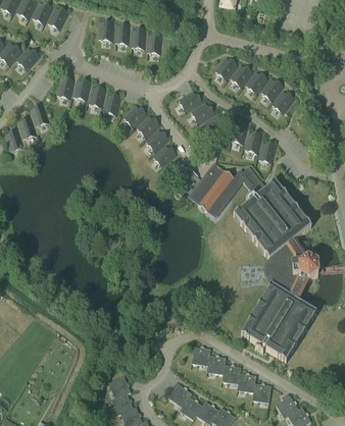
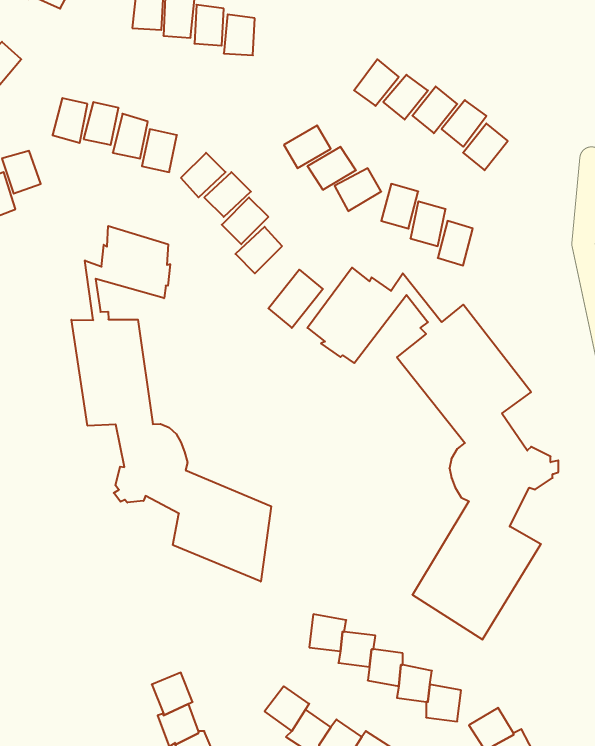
building: none -> [71,226,271,582]

